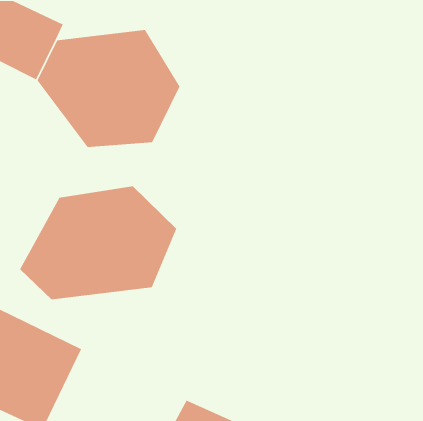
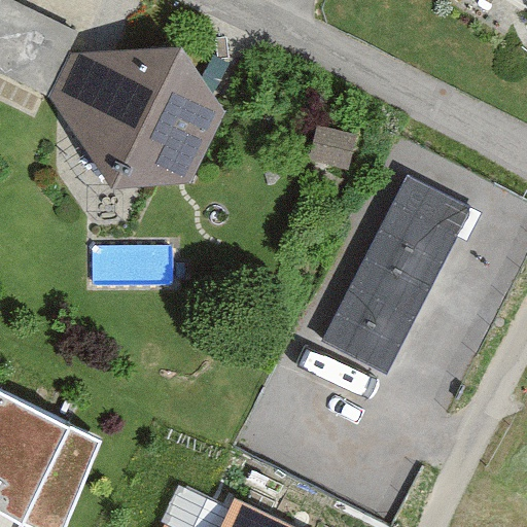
building: none -> [319,176,471,375]
building: [19,185,177,300] -> none

